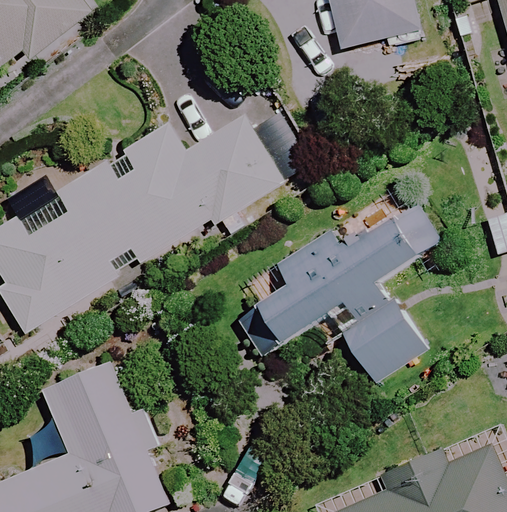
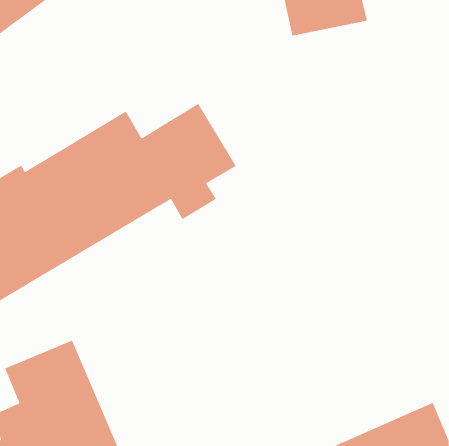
building: [238,204,440,384] -> none

